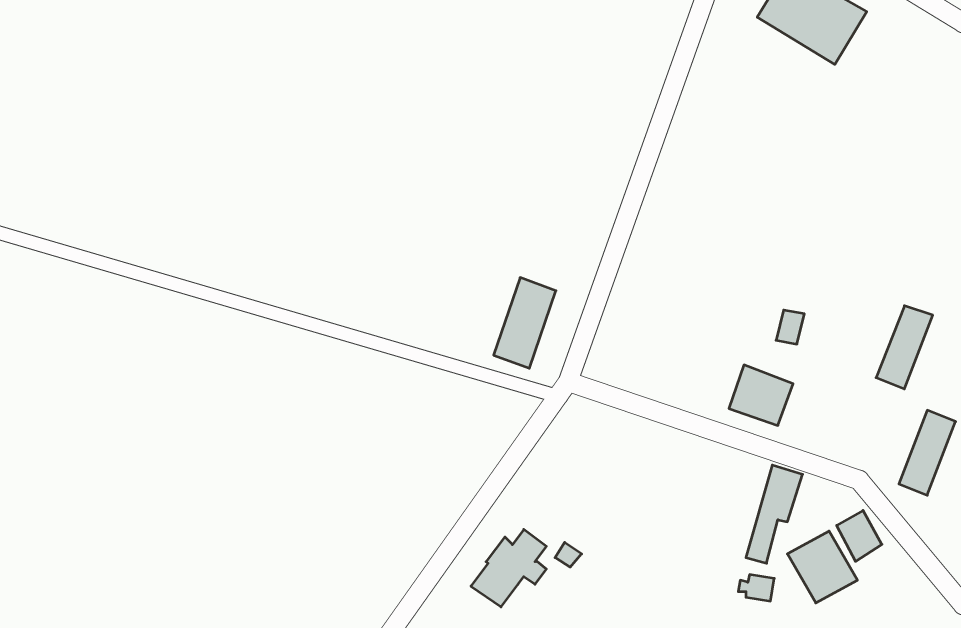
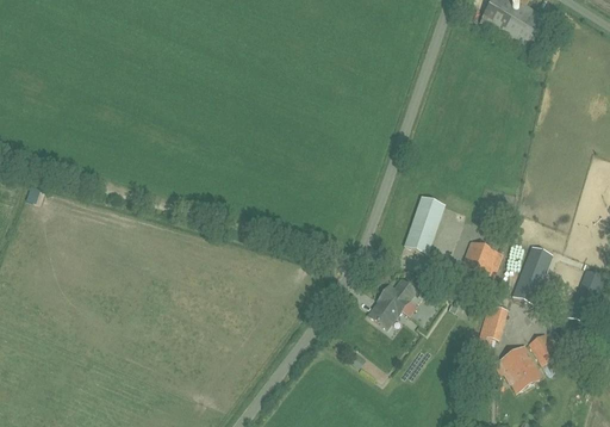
building: [494,278,556,368] -> [404,196,443,253]
building: [876,306,933,389] -> [515,248,550,301]
building: [471,529,546,607] -> [368,279,416,328]

